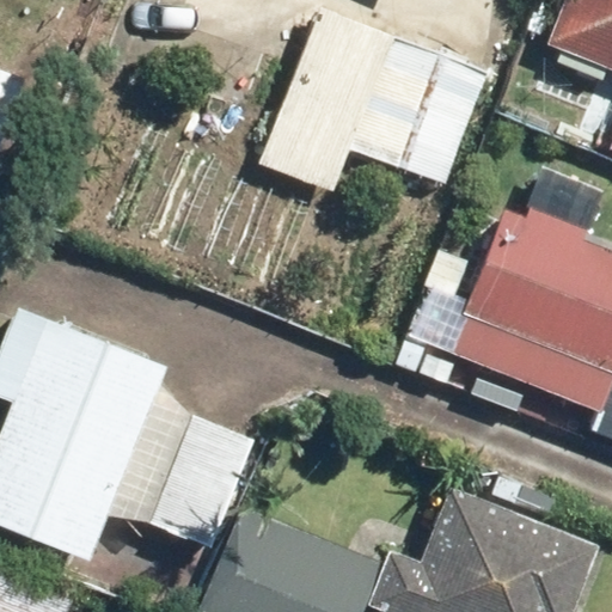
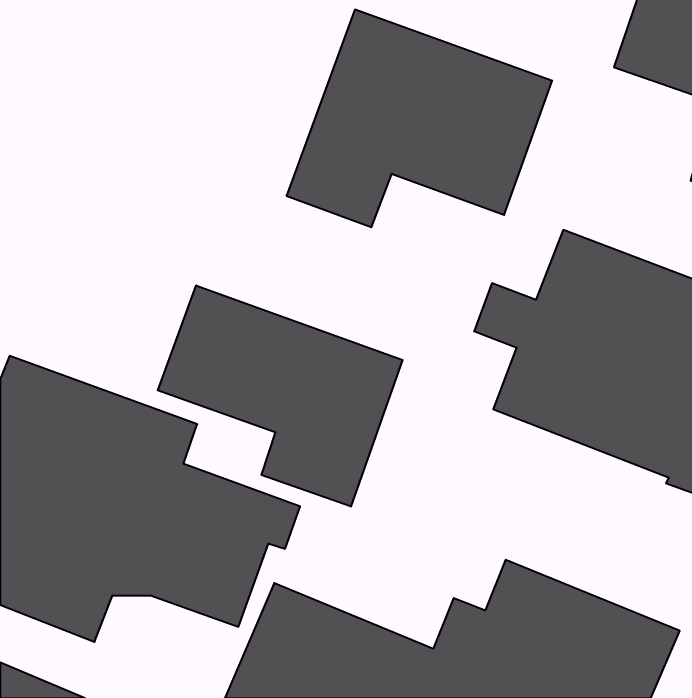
building: none -> [158,285,403,507]

